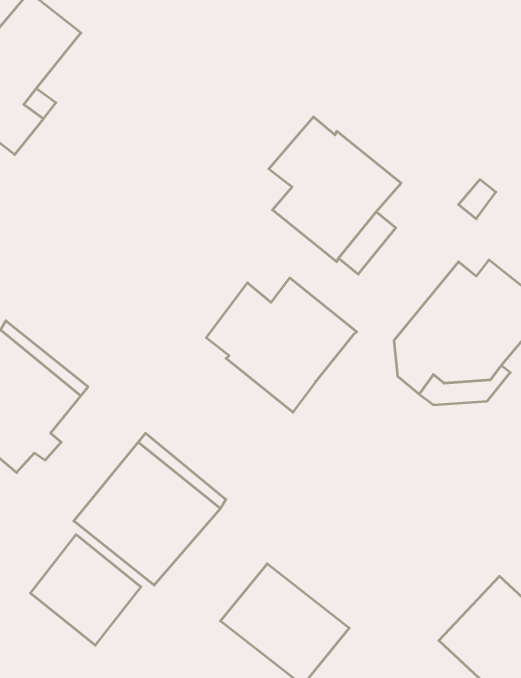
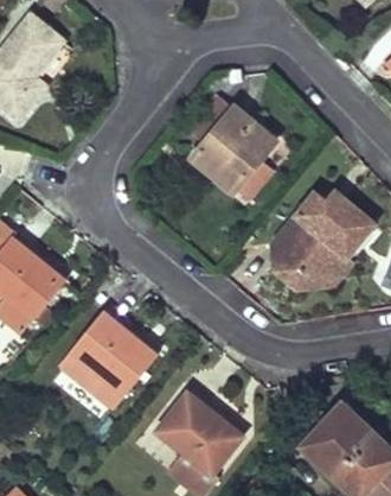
building: [206,278,357,412] -> none
building: [30,535,141,645] -> none

